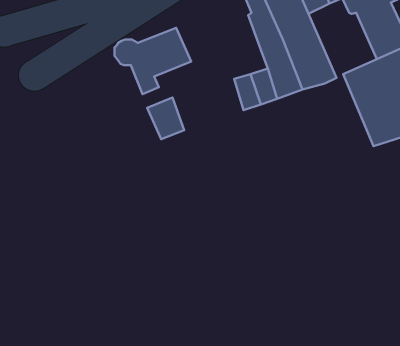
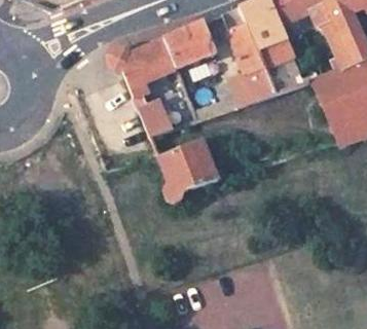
building: none -> [162,23,216,69]
building: none -> [157,140,218,204]

